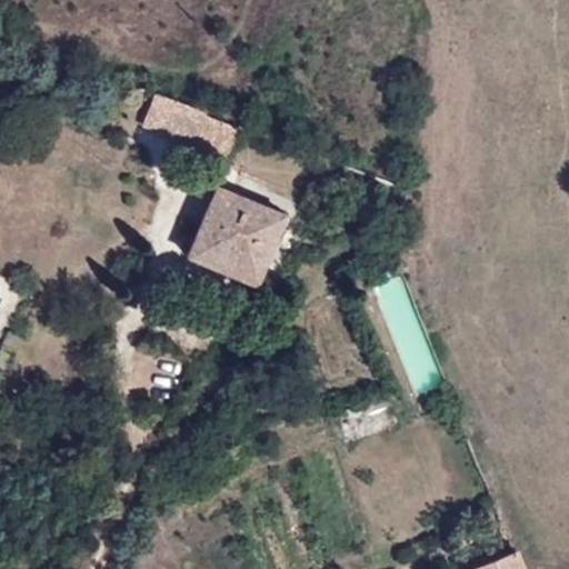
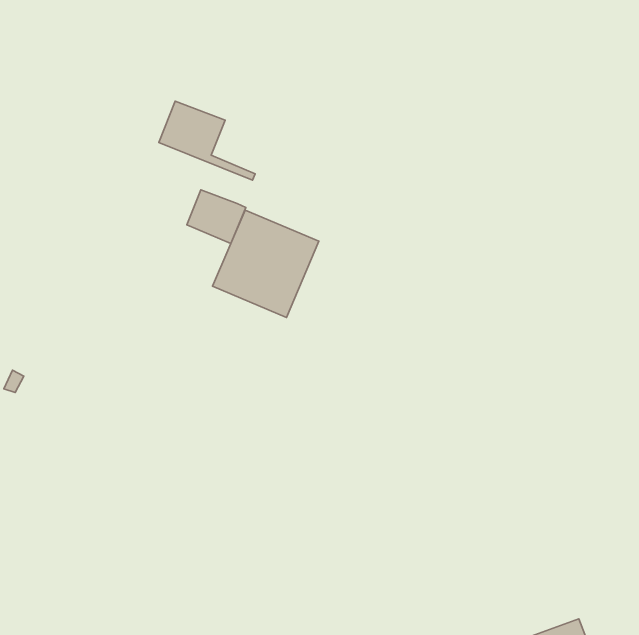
building: [188,110,240,158] -> [187,190,246,244]

